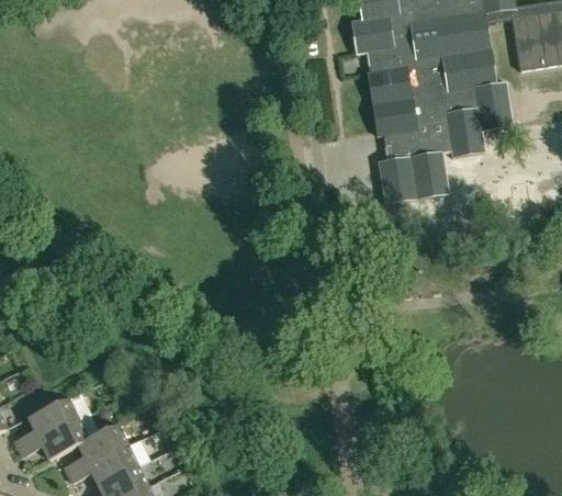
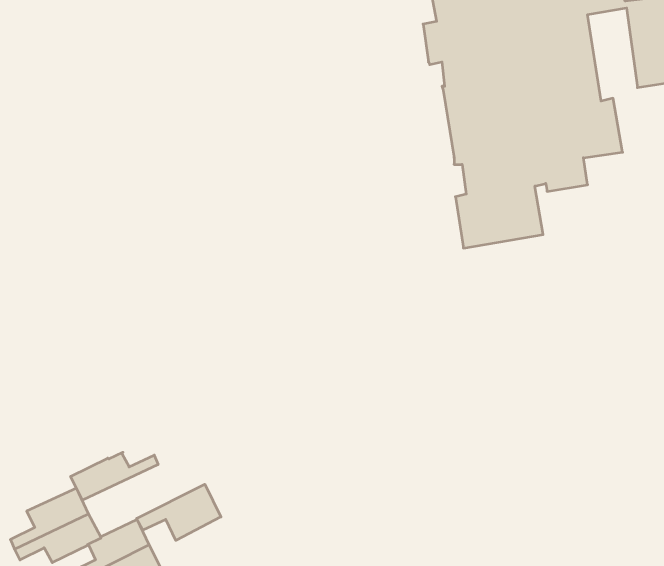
building: none -> [71,452,158,500]
building: none -> [137,484,221,540]

